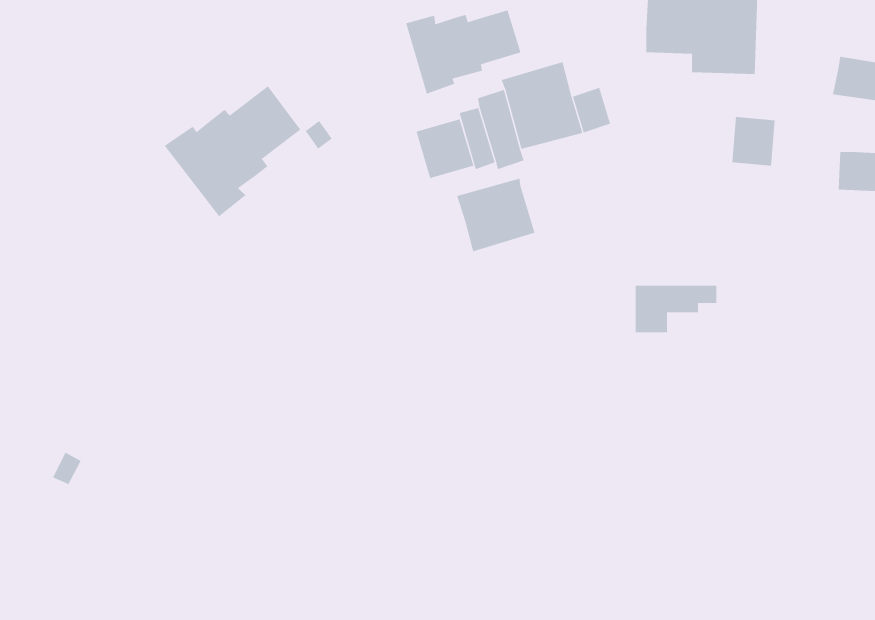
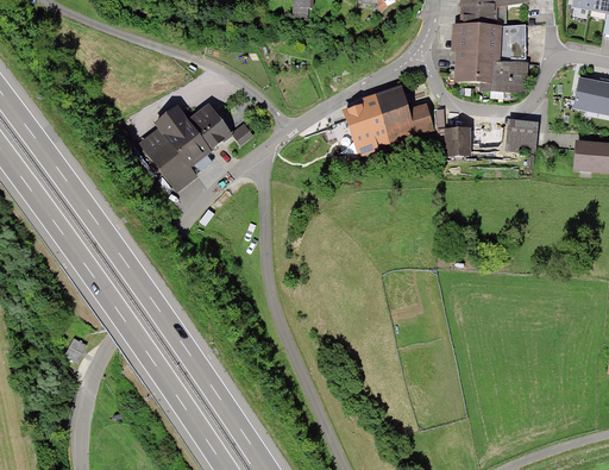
building: [405,9,521,94] -> none
building: [416,118,474,179] -> none
building: [457,178,535,252] -> none
building: [635,285,717,333] -> [446,127,500,158]

